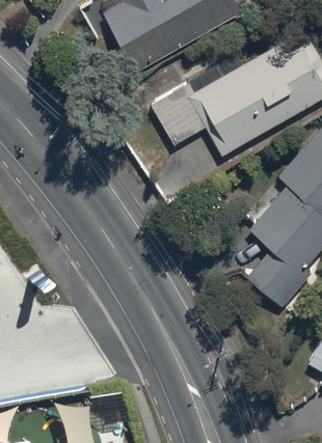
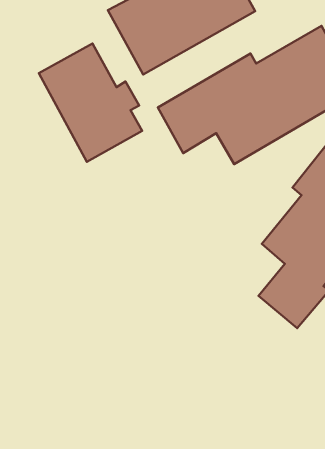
building: none -> [39,44,142,162]

